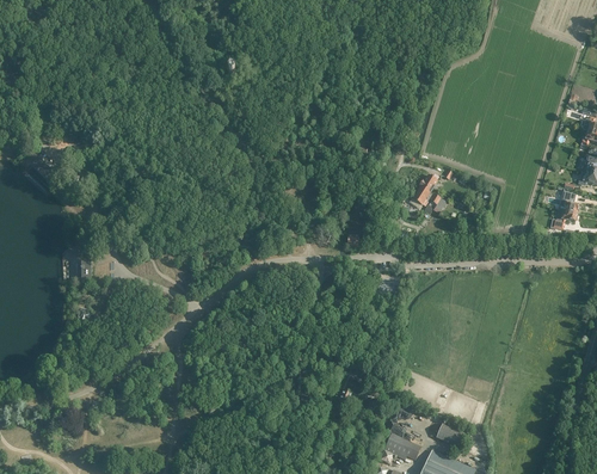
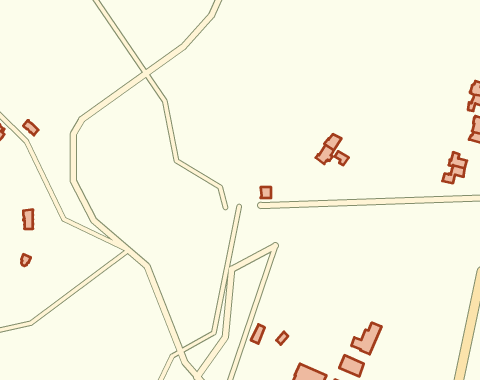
building: none -> [352,323,381,354]

